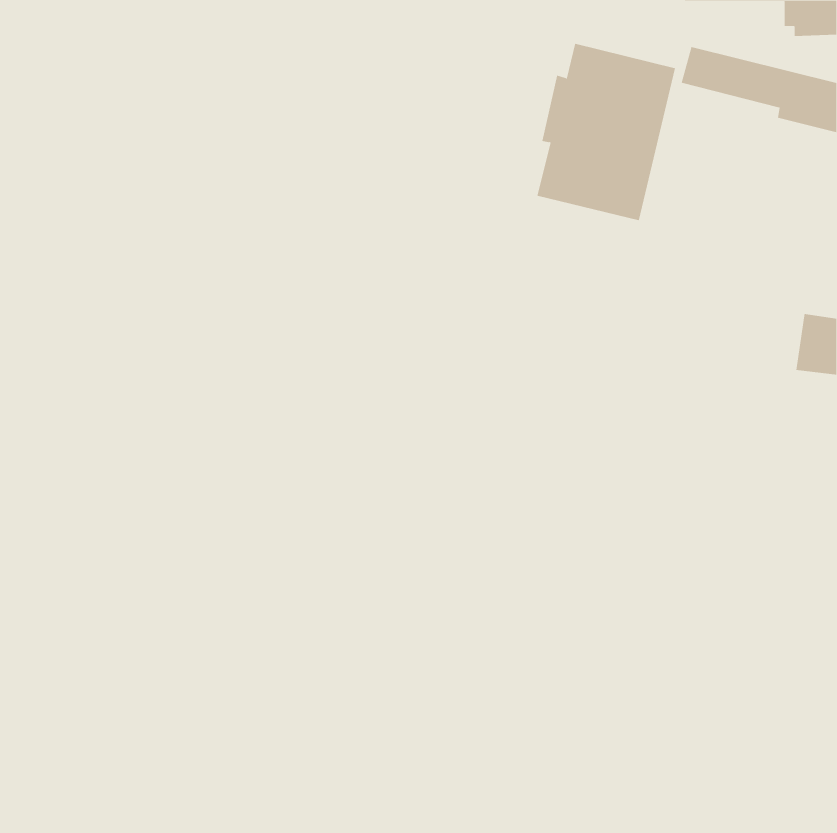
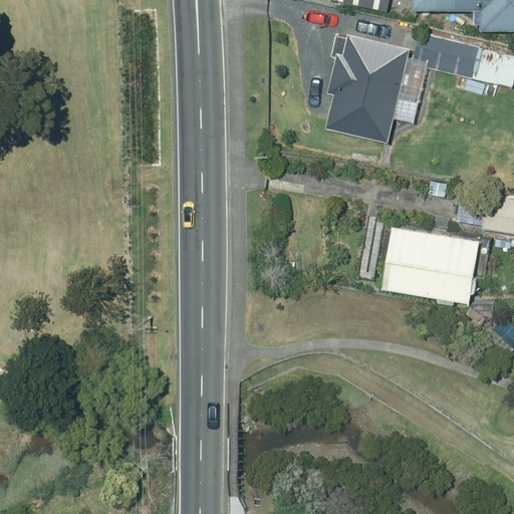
building: none -> [382,227,480,303]

